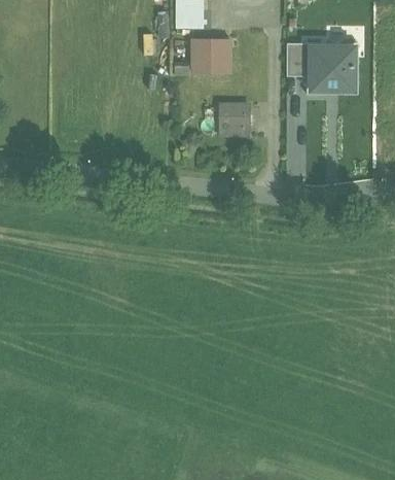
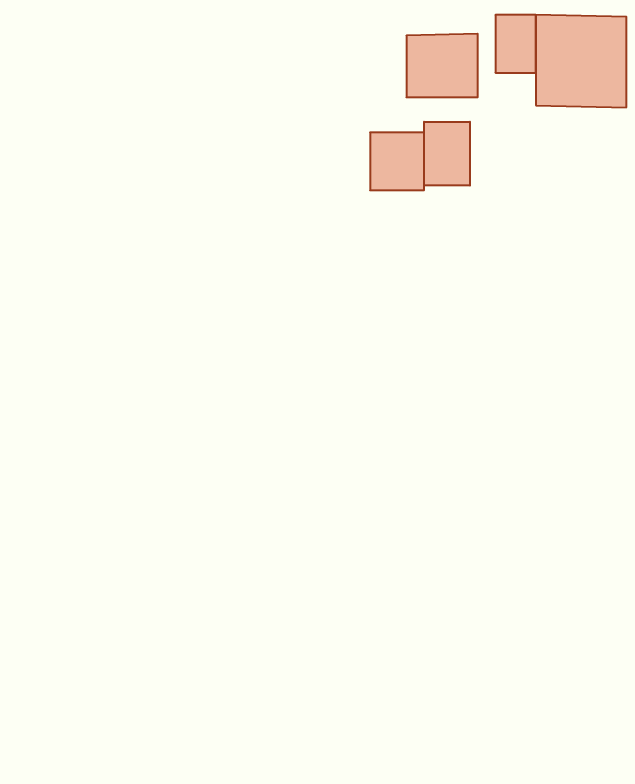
building: [190,40,228,74] -> [406,34,478,97]
building: none -> [424,122,470,186]

